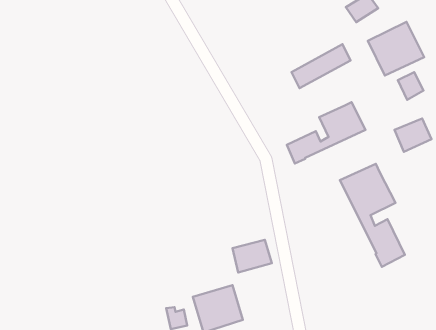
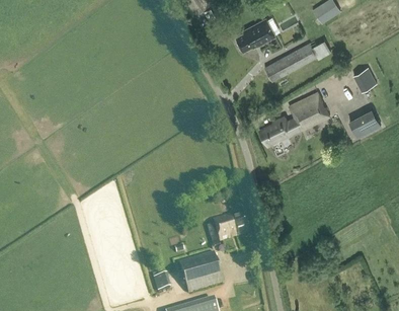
building: none -> [235,16,278,50]
building: [368,22,424,76] -> none
building: [340,164,405,267] -> none

